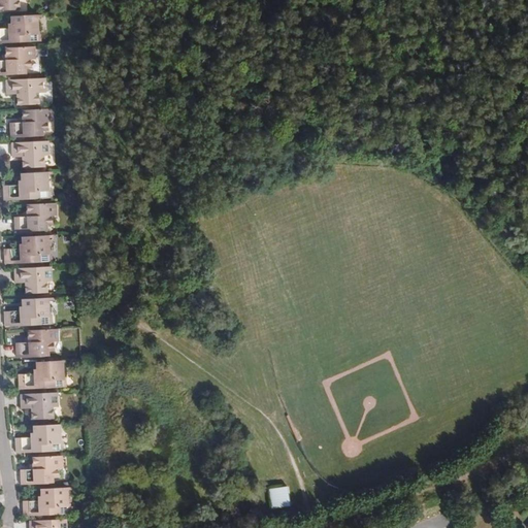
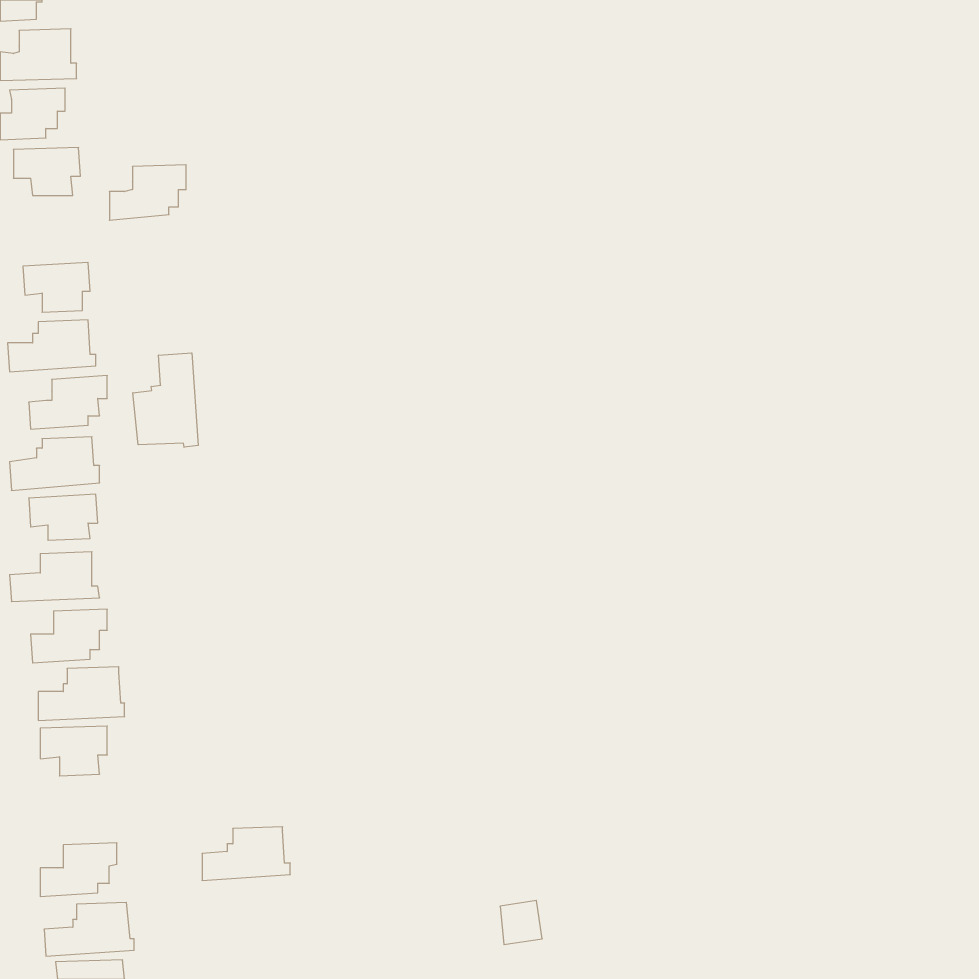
building: [10,109,52,139] -> [109,165,186,220]
building: none -> [133,353,198,447]
building: [18,423,65,452] -> [202,827,290,880]

